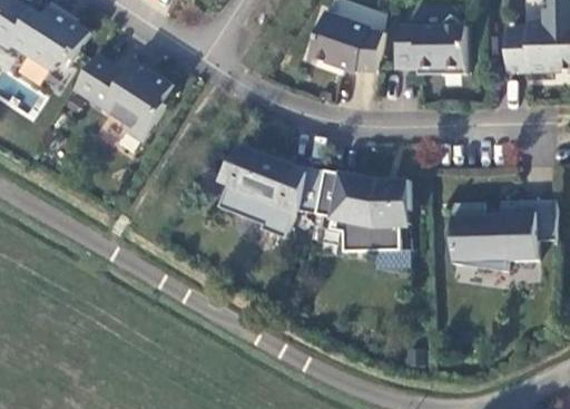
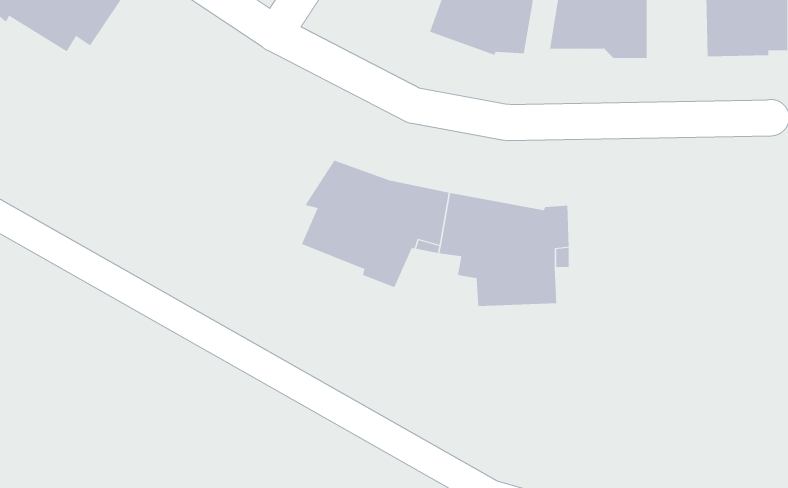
building: [73,52,171,140] -> none
building: [451,198,557,270] -> none

